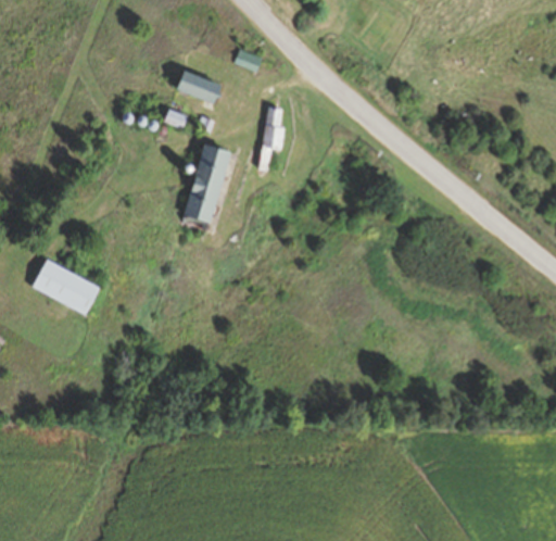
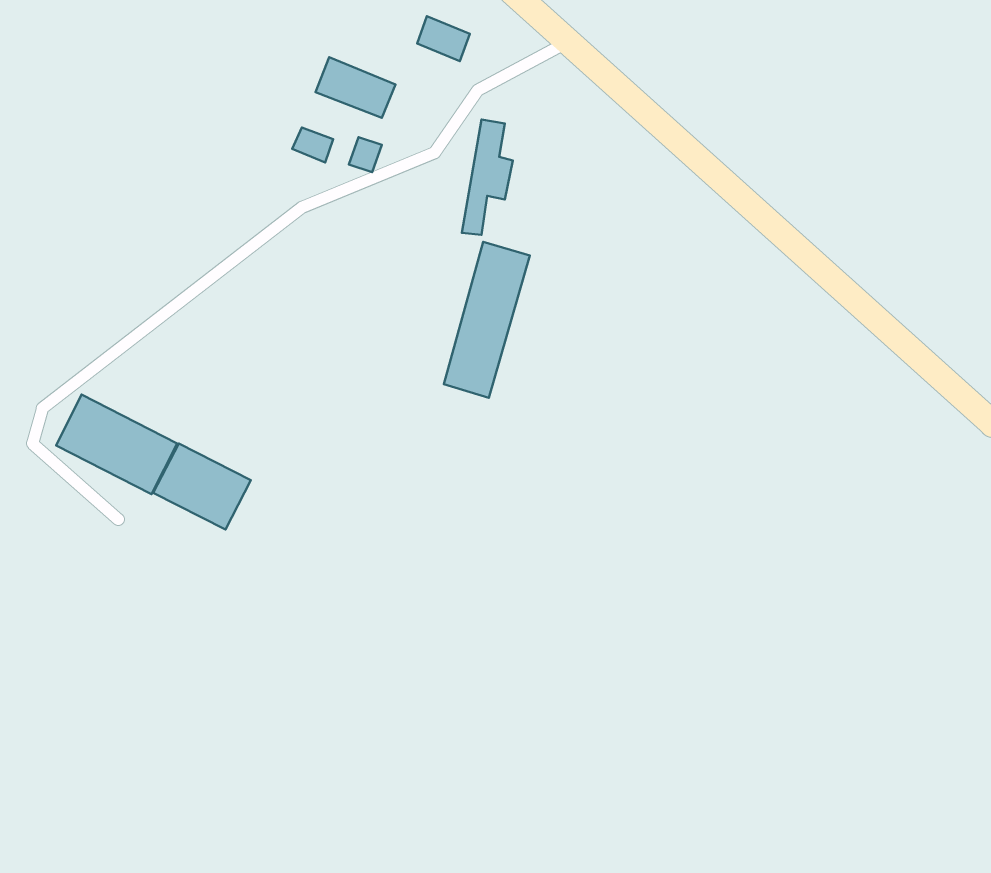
building: [182,143,230,230] -> [444,242,530,398]
building: none -> [153,443,251,530]

